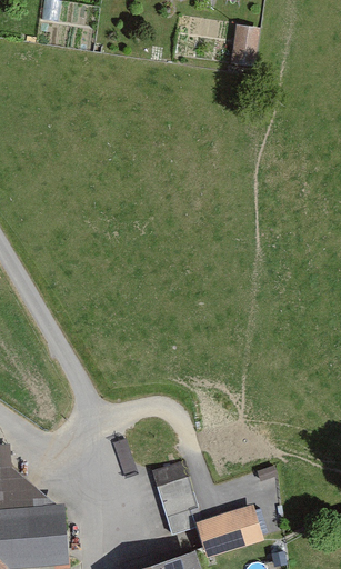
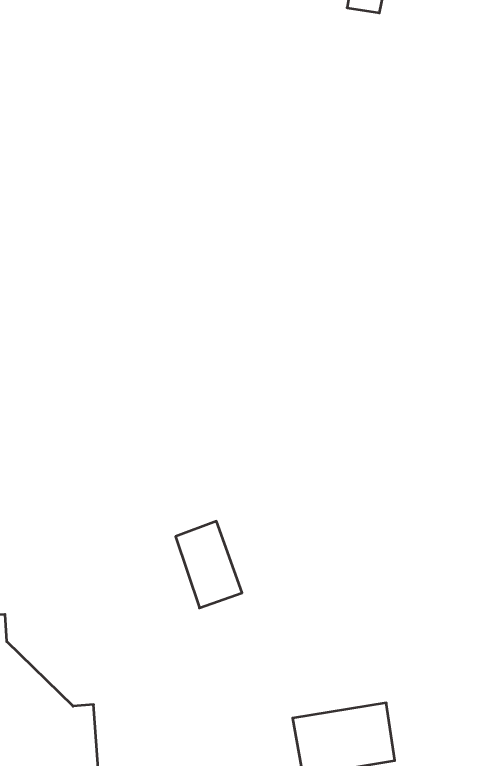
building: [152,460,195,517] -> [176,521,242,608]

